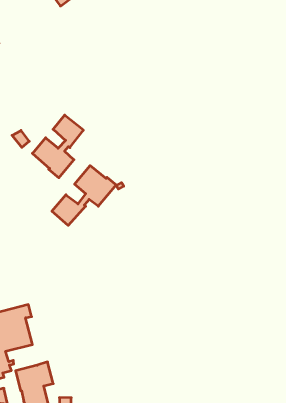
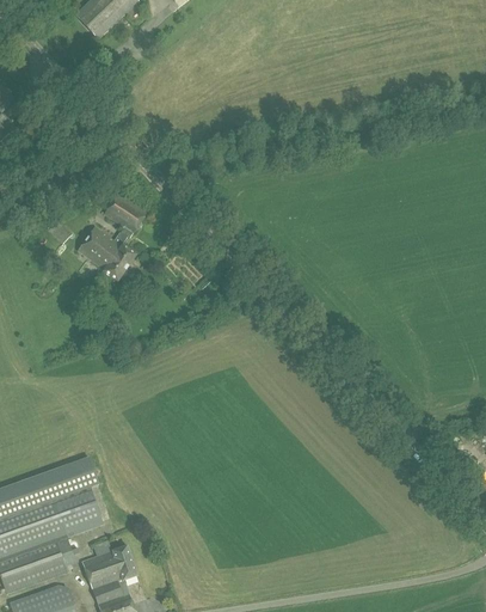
building: [52,166,116,225] -> none

